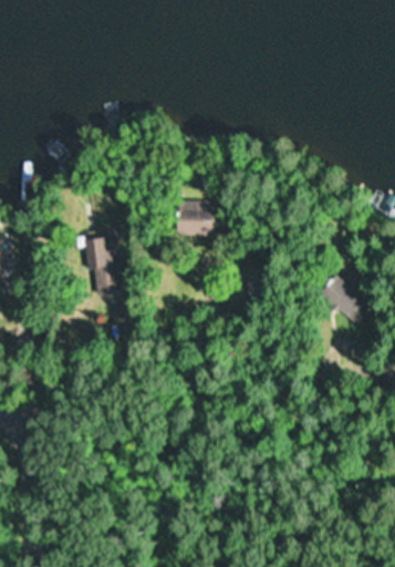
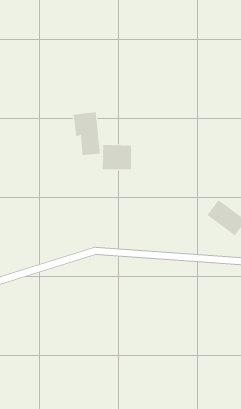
building: [85,236,123,295] -> [73,112,101,155]

